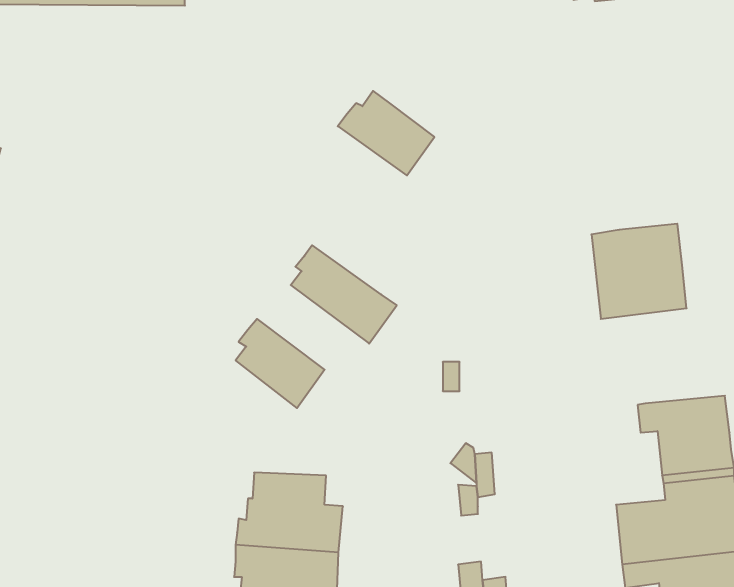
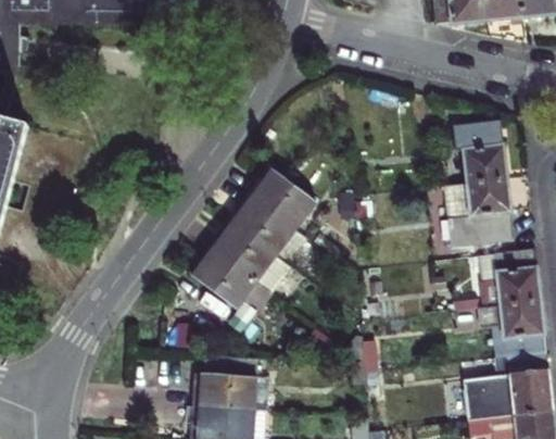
building: [338,91,434,175] -> [247,170,315,229]
building: none -> [452,120,505,184]
building: none -> [207,223,290,293]
building: none -> [477,249,539,306]

